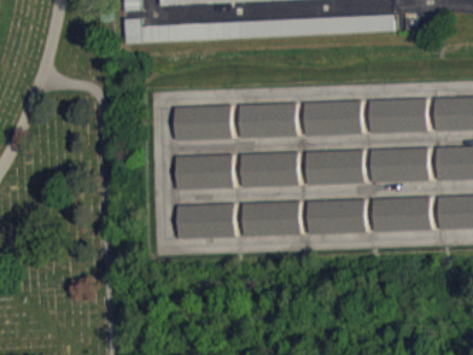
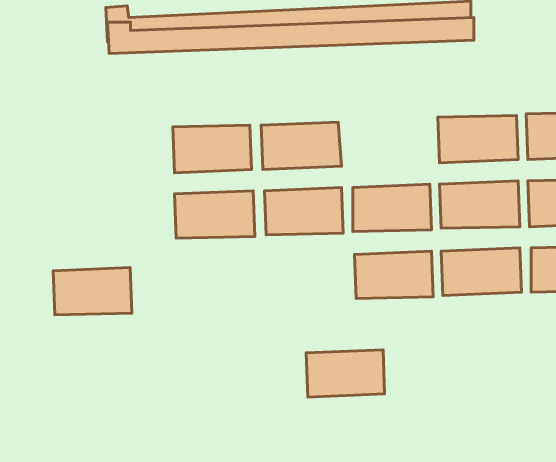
building: [304,99,363,135] -> none
building: [243,200,300,235] -> [306,350,385,397]
building: [177,203,235,238] -> [53,267,132,315]

